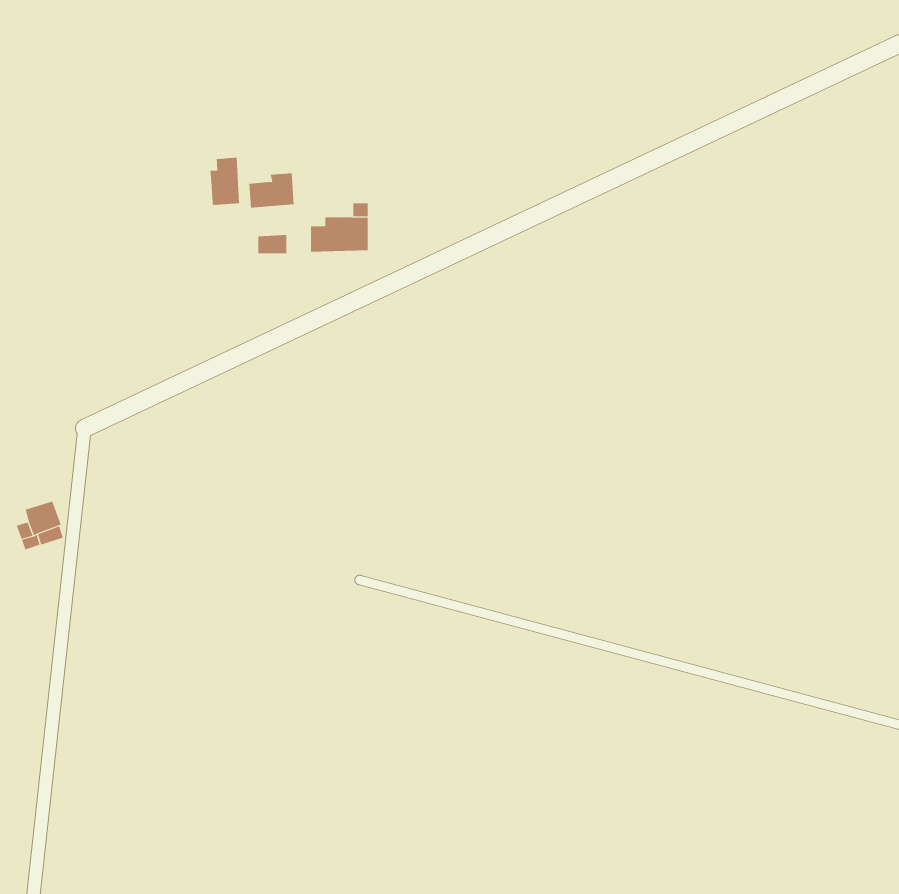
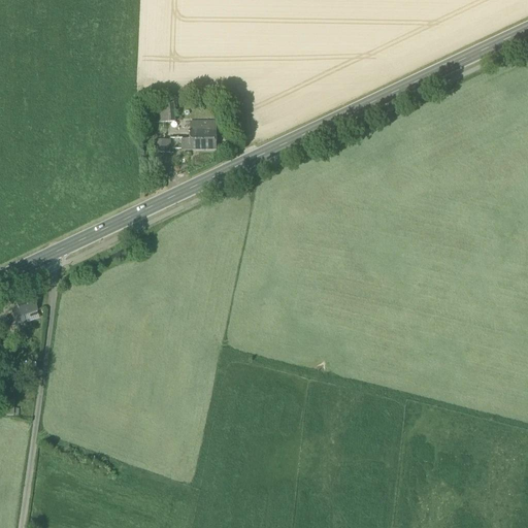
building: [210,157,240,206] -> none

